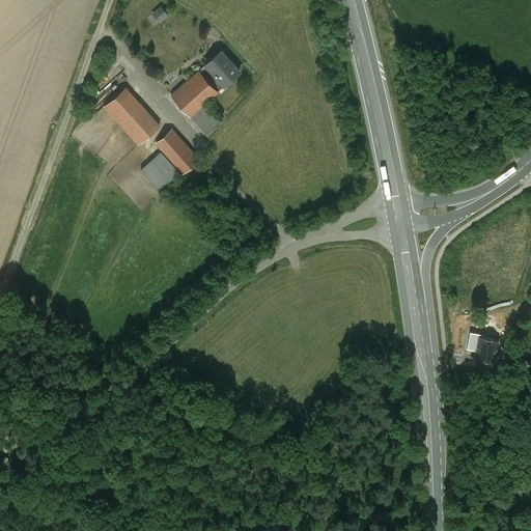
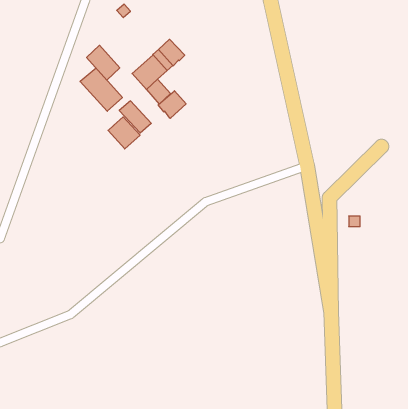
building: none -> [87,45,120,80]
building: none -> [158,91,186,118]
building: [468,333,499,362] -> none

